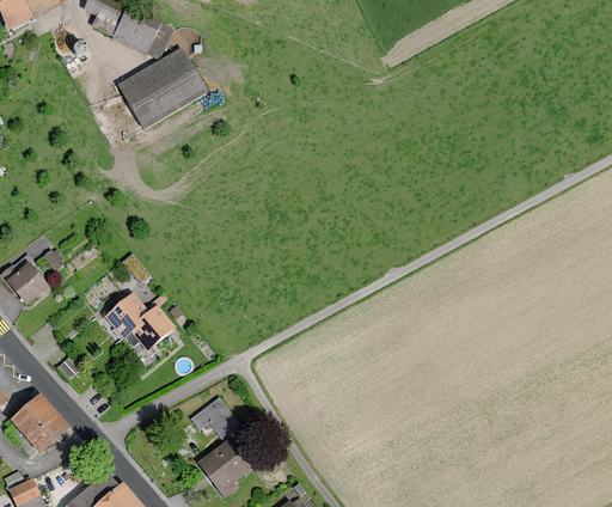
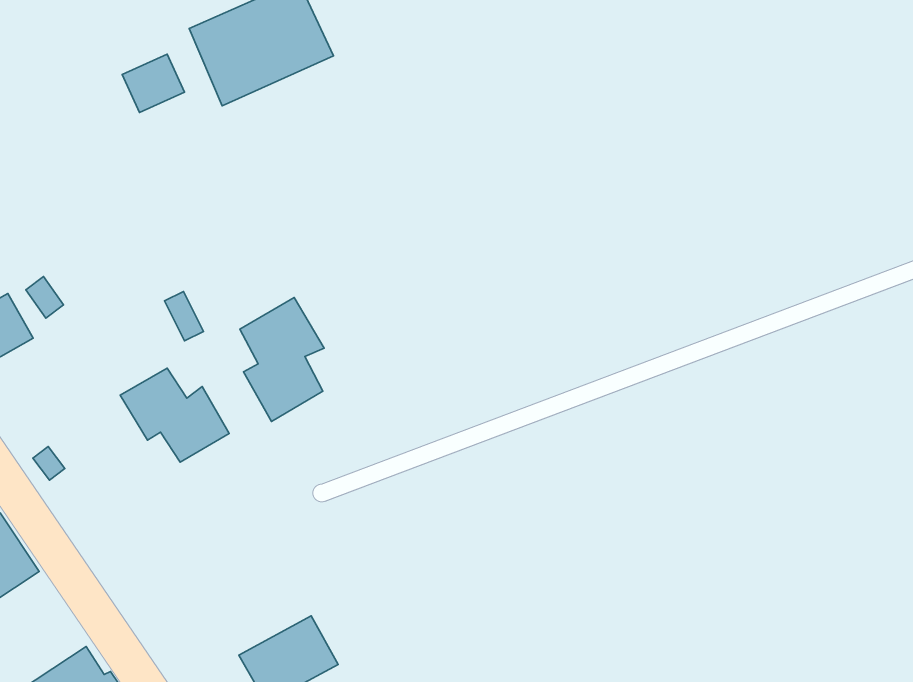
building: none -> [122,54,184,112]
building: none -> [240,297,324,422]
building: [189,397,240,441] -> none

